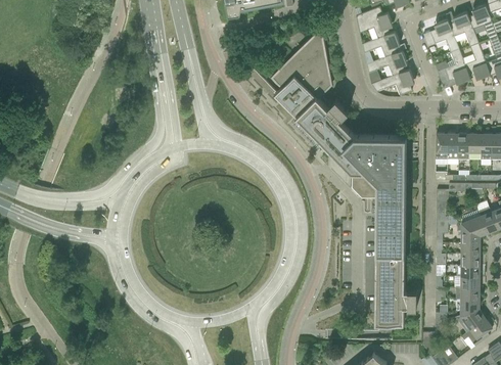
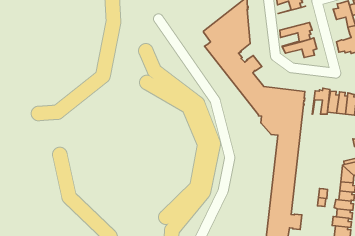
building: [362,33,402,65] -> none
building: none -> [312,88,330,114]

